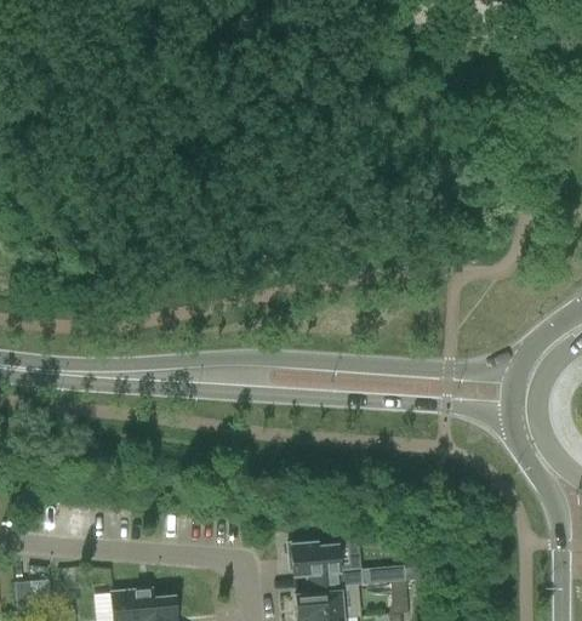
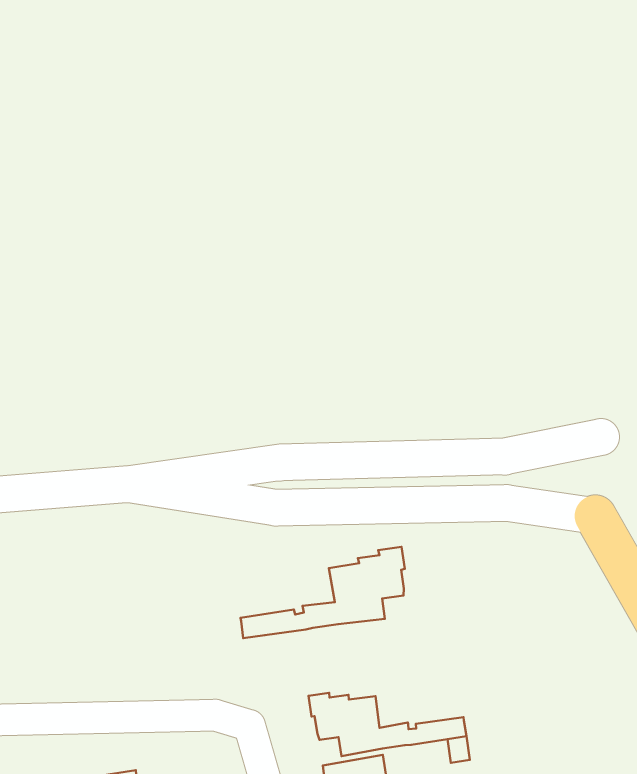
building: none -> [240,547,405,638]

